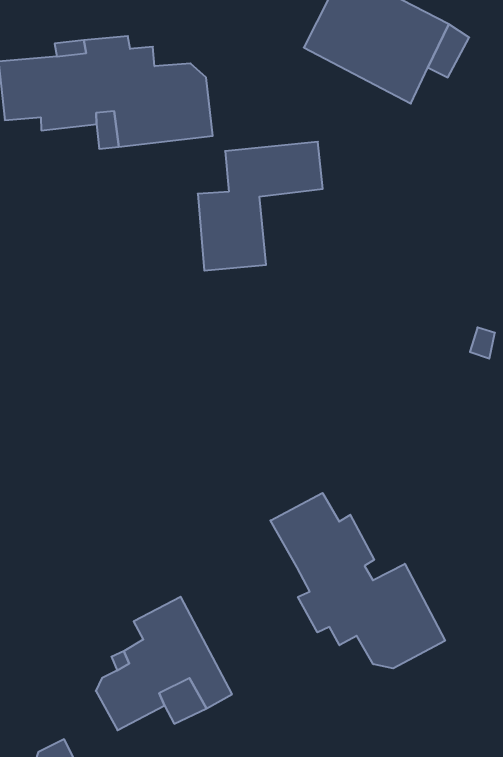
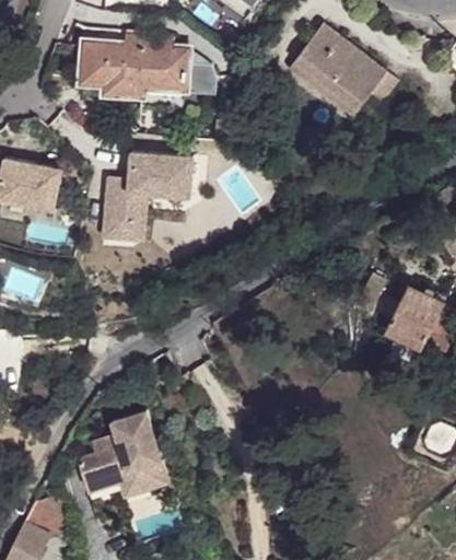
building: [198,142,323,271] -> [103,153,192,233]
building: [270,493,445,668] -> none

